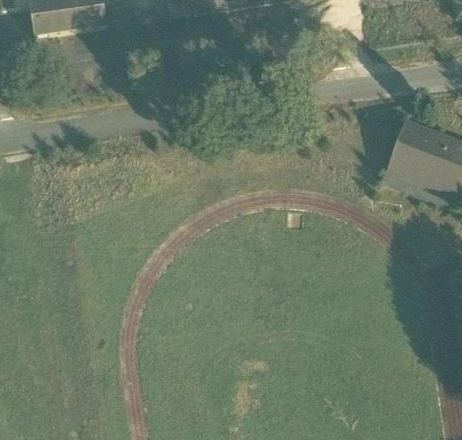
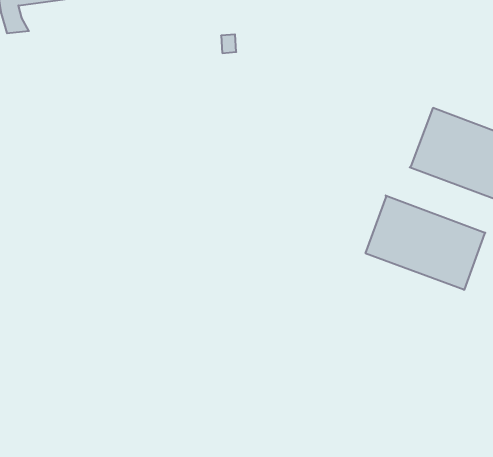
building: none -> [366,195,485,290]

